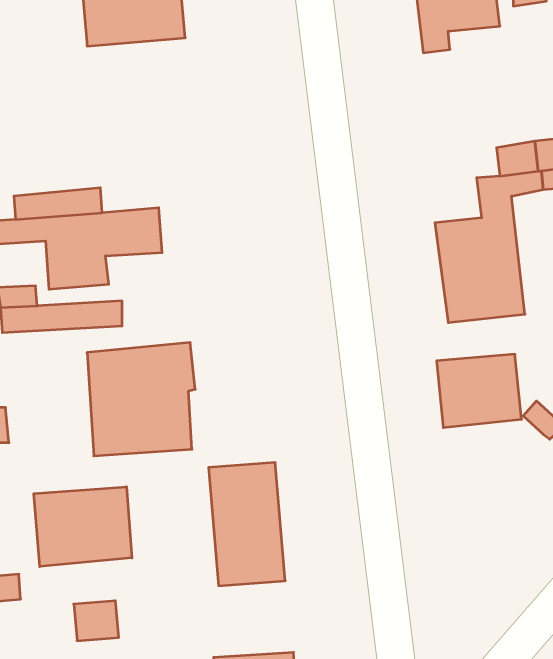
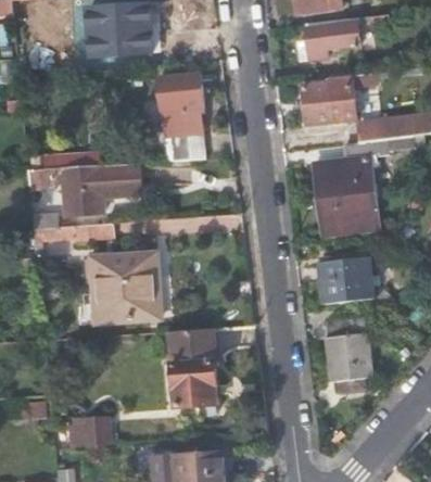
building: none -> [159,73,206,160]
building: none -> [302,75,356,131]
building: none -> [326,316,370,392]
building: [34,487,132,567] -> none

